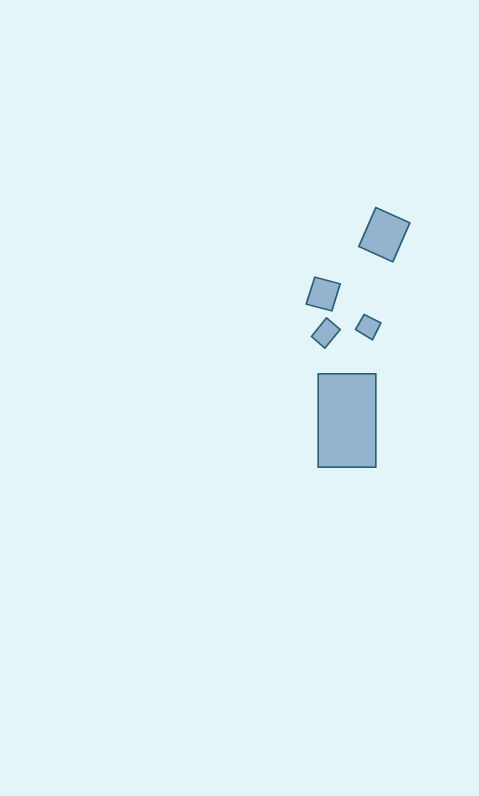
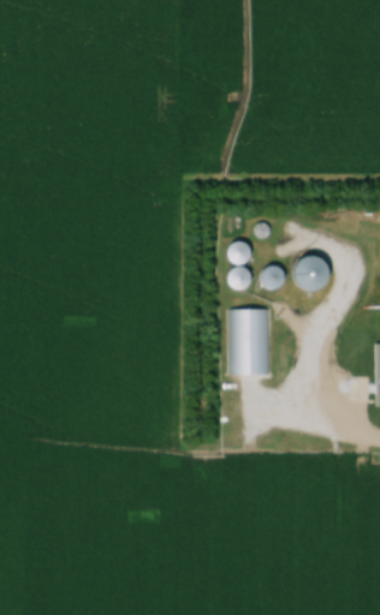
building: [359,208,410,262] -> [287,255,323,293]

